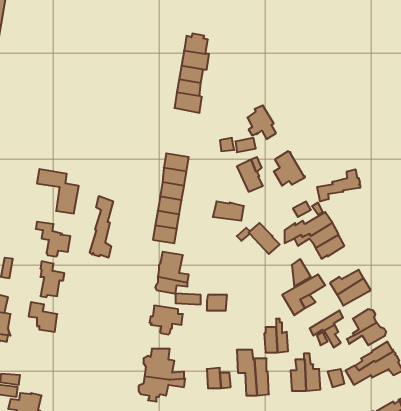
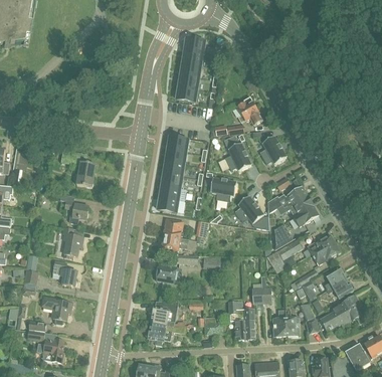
building: [317,169,360,201] -> none
building: [90,196,113,258] -> none
building: none -> [41,294,72,324]

